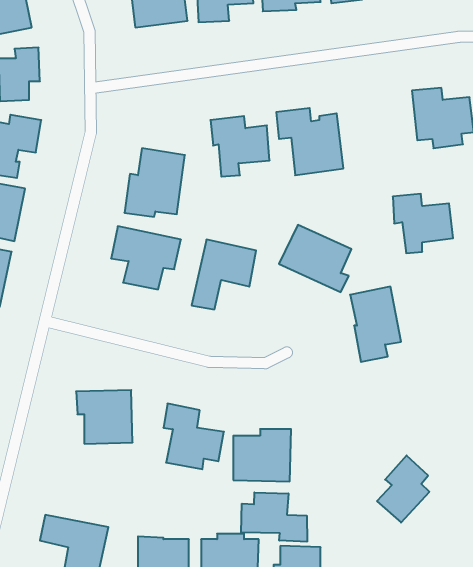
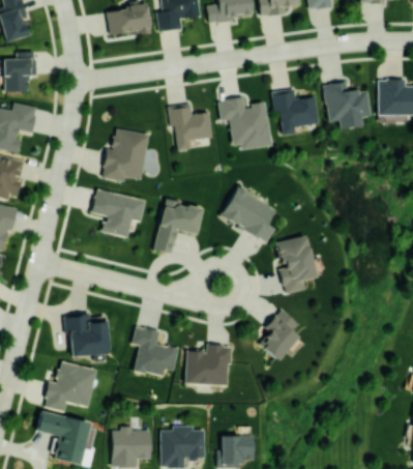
building: [393,194,453,253] -> [272,89,319,135]
building: none -> [43,360,96,411]
building: [377,455,429,523] -> [258,309,298,360]
building: [241,492,307,542] -> none

